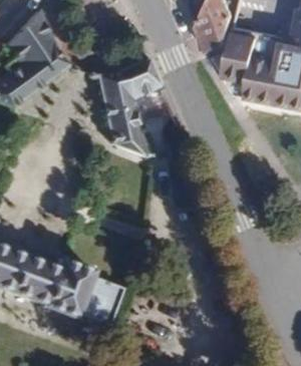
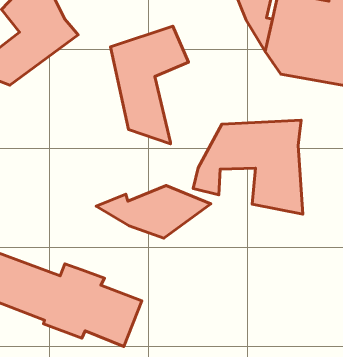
building: none -> [193,120,303,214]
building: none -> [96,186,211,238]

